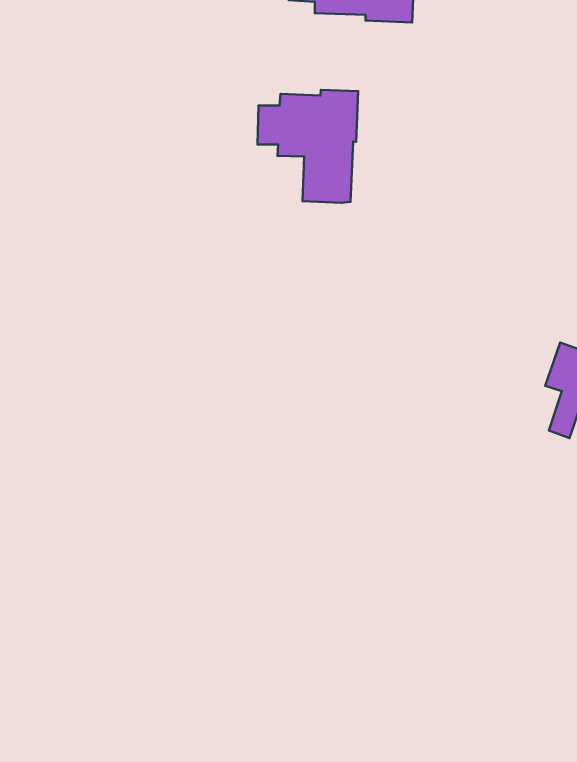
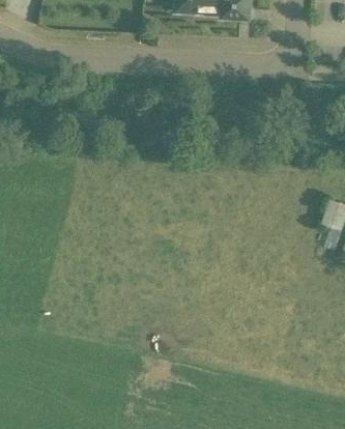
building: [257,90,358,203] -> none

